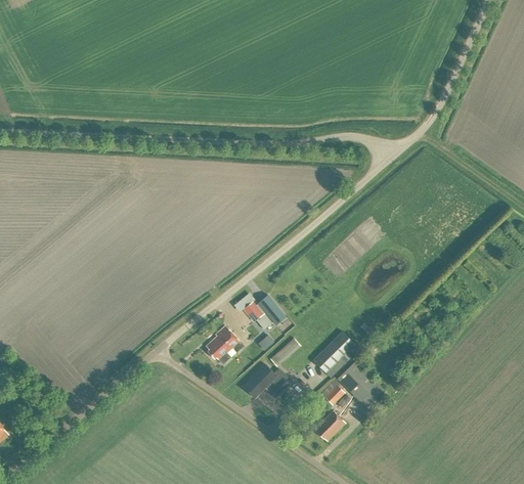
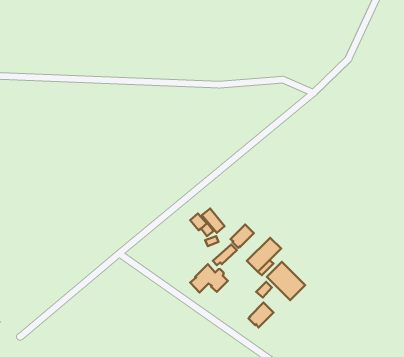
building: none -> [230,224,254,248]
building: [205,325,243,364] -> none

